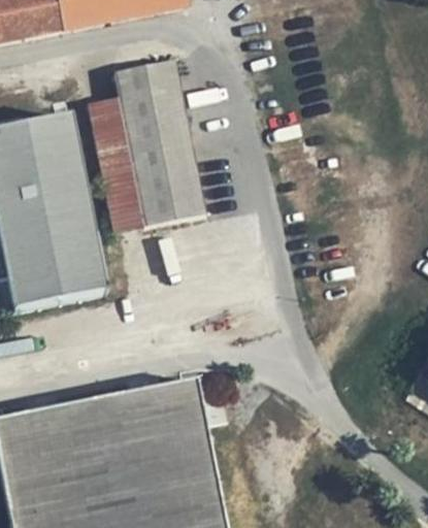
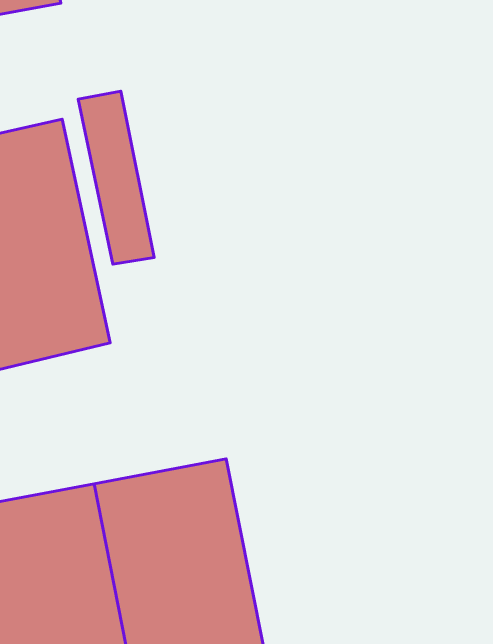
building: [112,60,201,225] -> none

